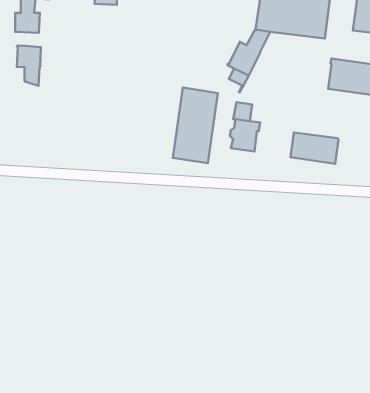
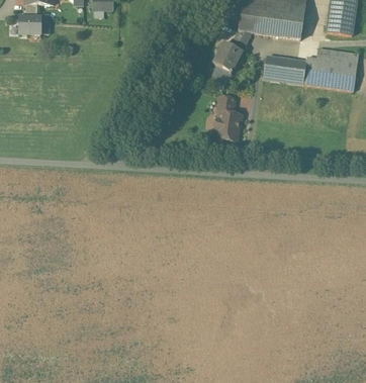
building: [17,46,41,86] -> none
building: [173,88,218,163] -> none
building: [290,133,339,164] -> [264,56,307,84]

